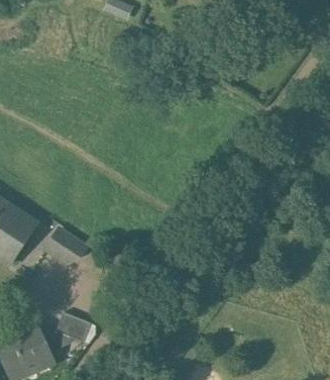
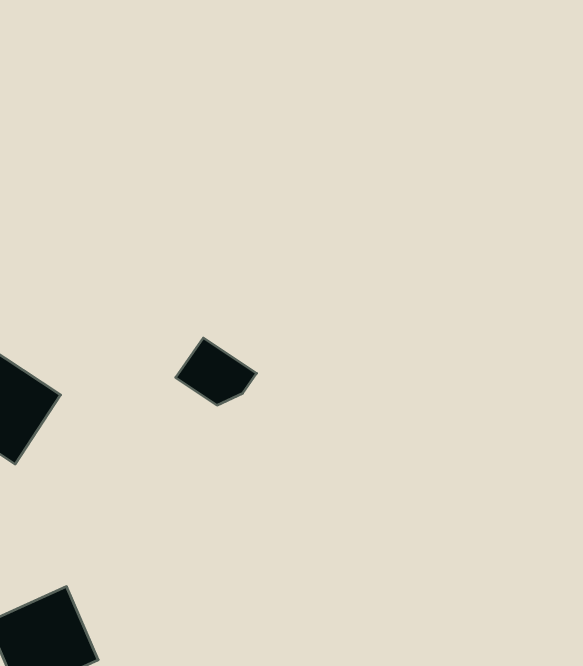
building: [44,229,86,264] -> [176,338,257,405]
building: [54,313,90,343] -> none

